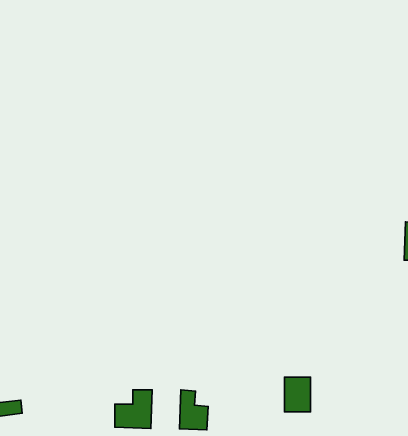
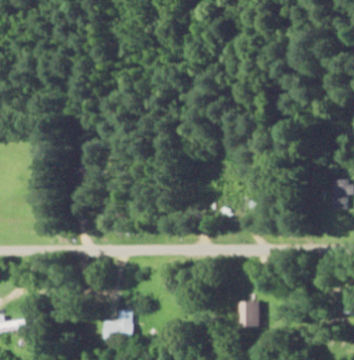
building: [179,390,208,430] -> none

